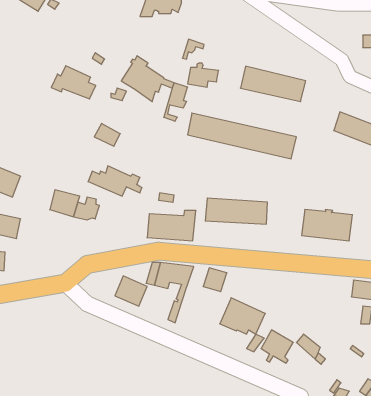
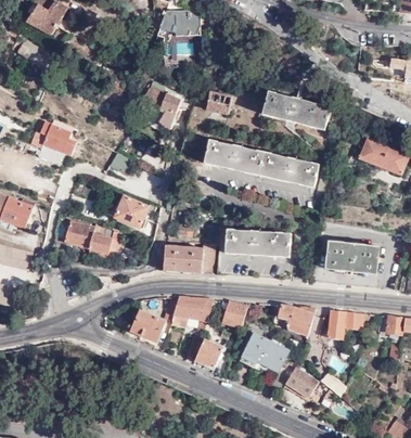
building: [51,66,96,99] -> [30,120,77,155]
building: none -> [278,305,316,334]
building: none -> [327,310,369,339]
building: none -> [194,338,221,366]

